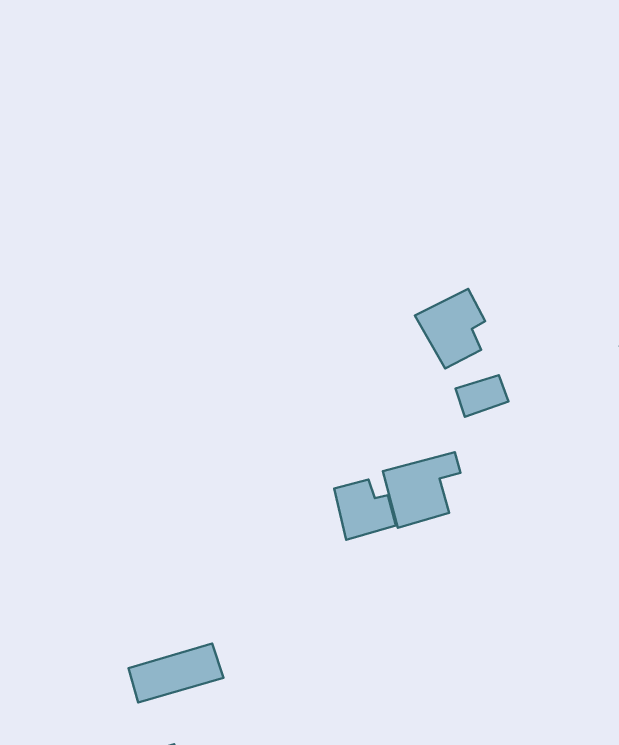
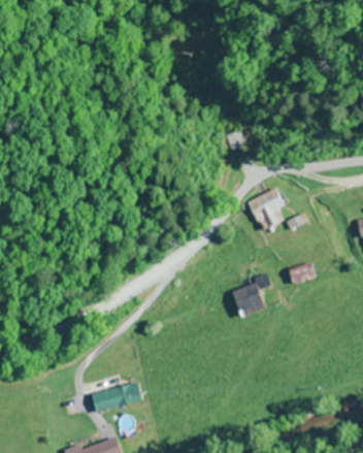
building: [455,375,508,417] -> [287,263,316,286]
building: [334,479,396,540] -> none

